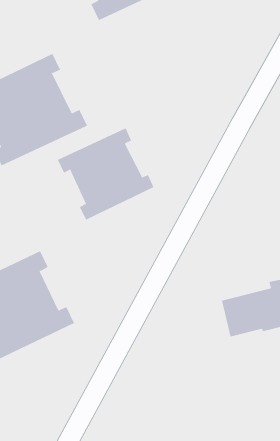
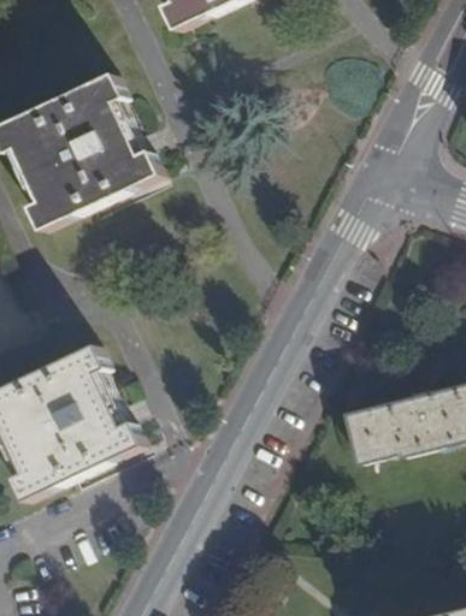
building: [57,127,154,221] -> none

